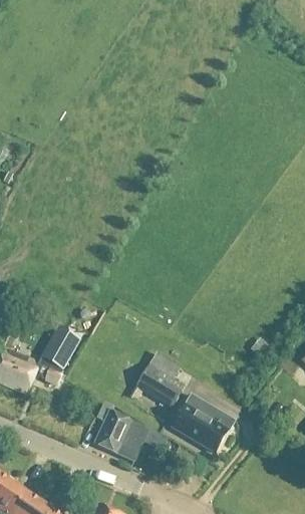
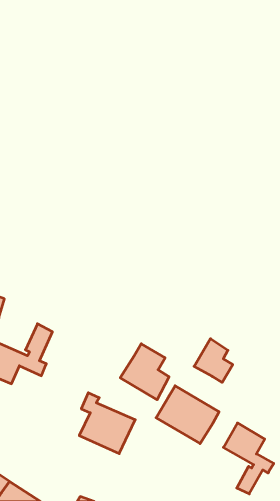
building: none -> [194,339,233,382]
building: none -> [223,423,274,494]

